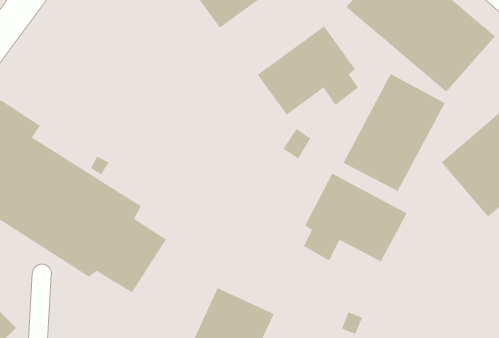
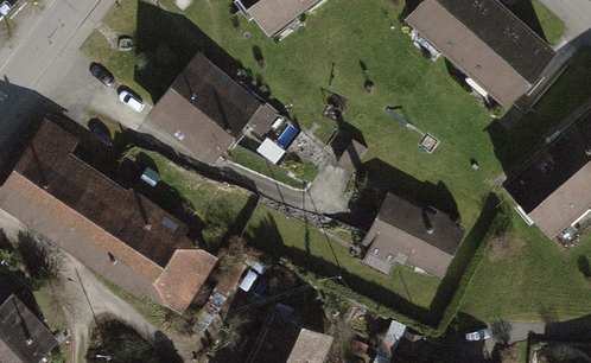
building: [257,25,359,115] -> none
building: none -> [146,52,280,168]
building: [343,73,446,192] -> none

